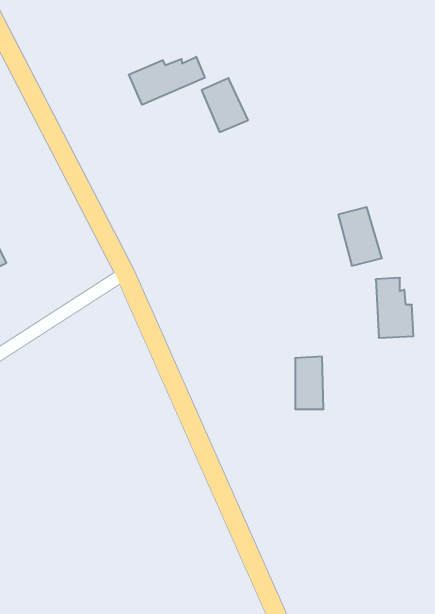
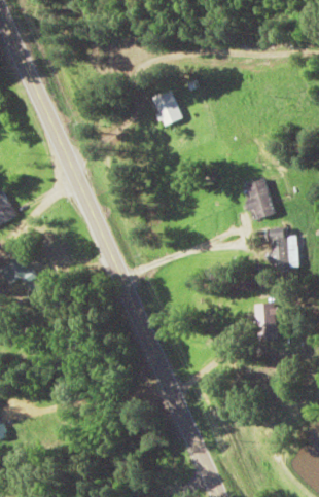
building: [129,57,205,105] -> none
building: [295,357,324,409] -> [258,301,278,338]

